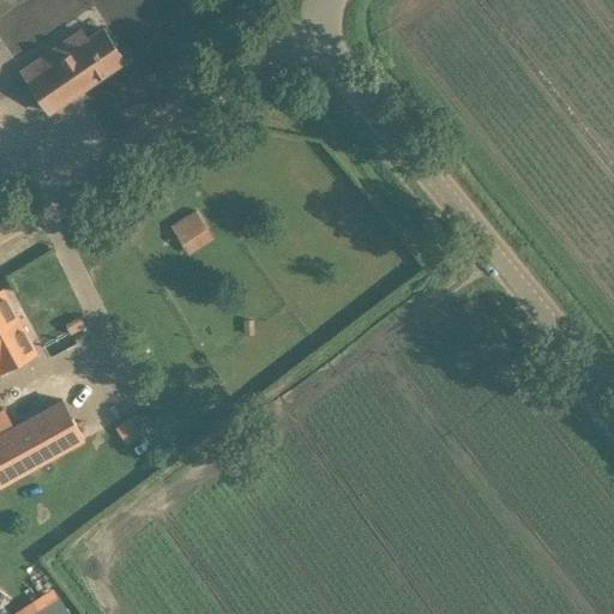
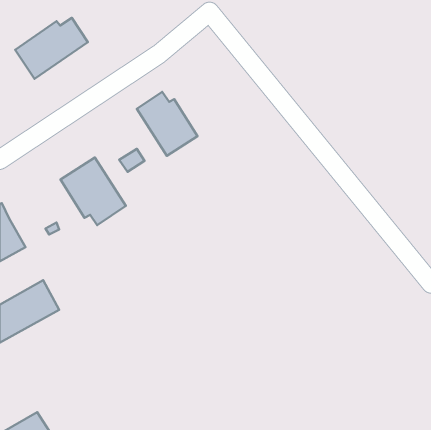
building: none -> [137,92,197,156]
building: none -> [61,157,126,225]

